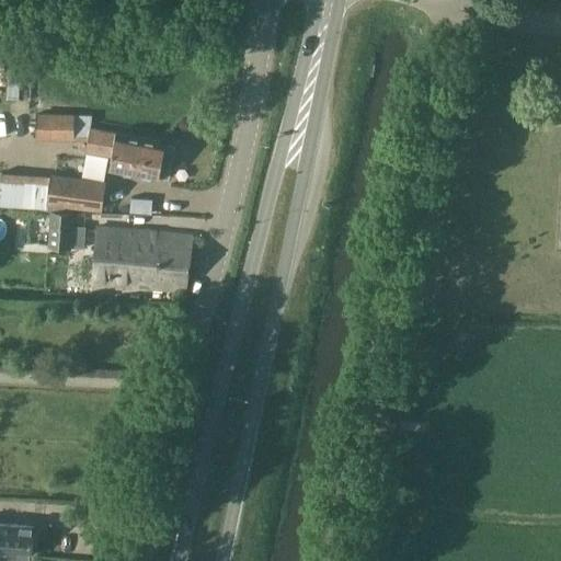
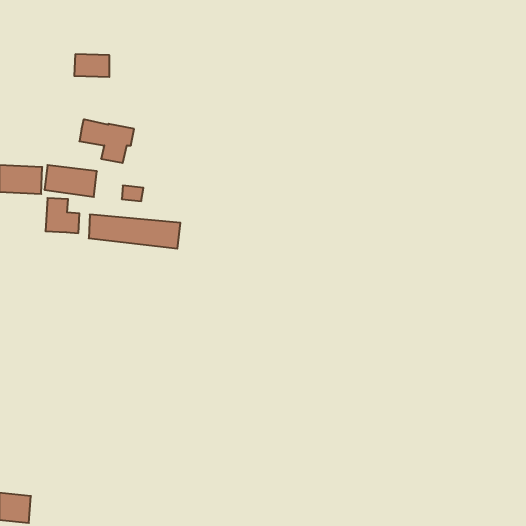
building: [35,114,72,138] -> [74,54,109,77]
building: [130,138,173,180] -> none
building: [93,254,188,293] -> none

